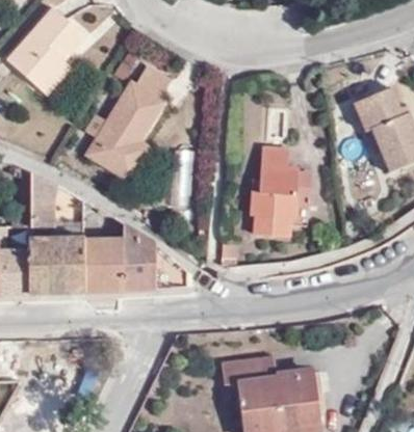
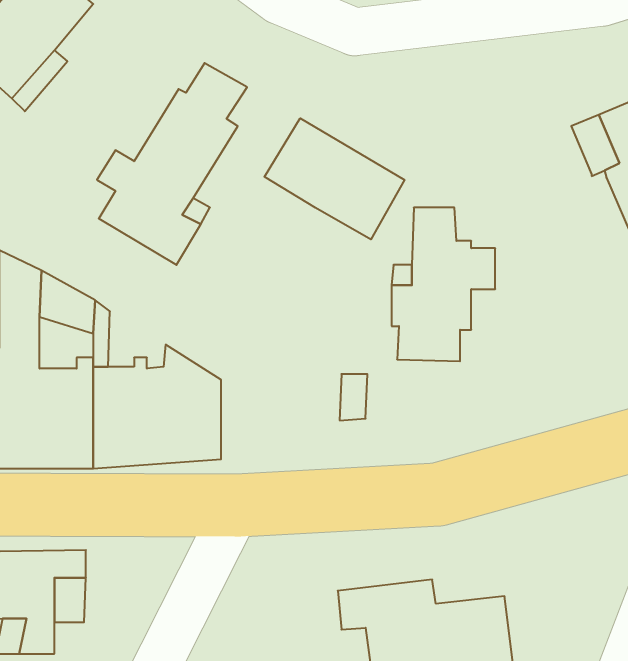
building: none -> [264,118,404,239]

